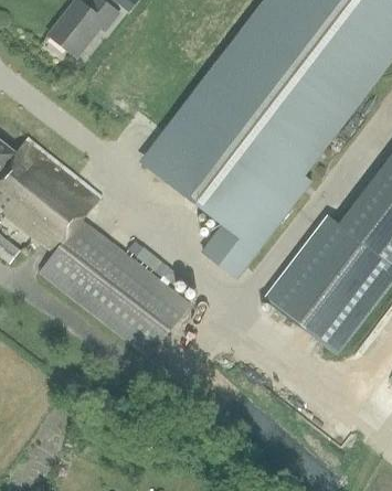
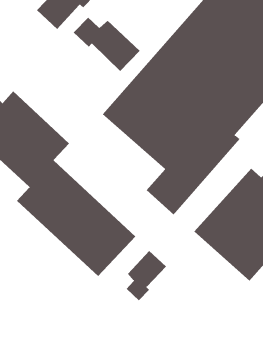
building: none -> [73,17,140,72]
building: none -> [126,250,167,301]

